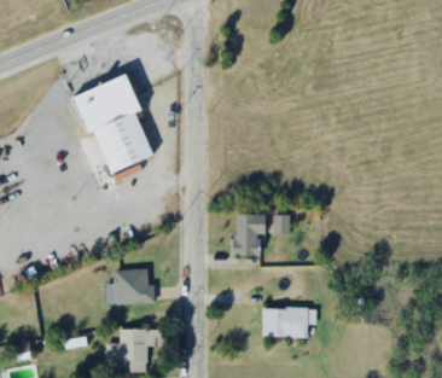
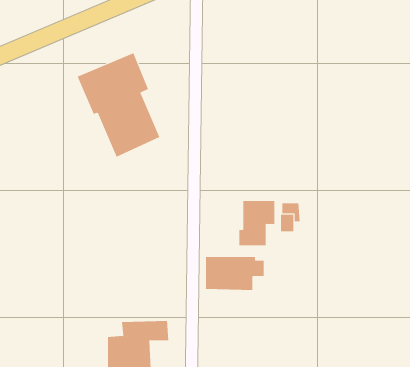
building: [112,269,156,304] -> none
building: [261,307,318,339] -> [205,256,265,290]

